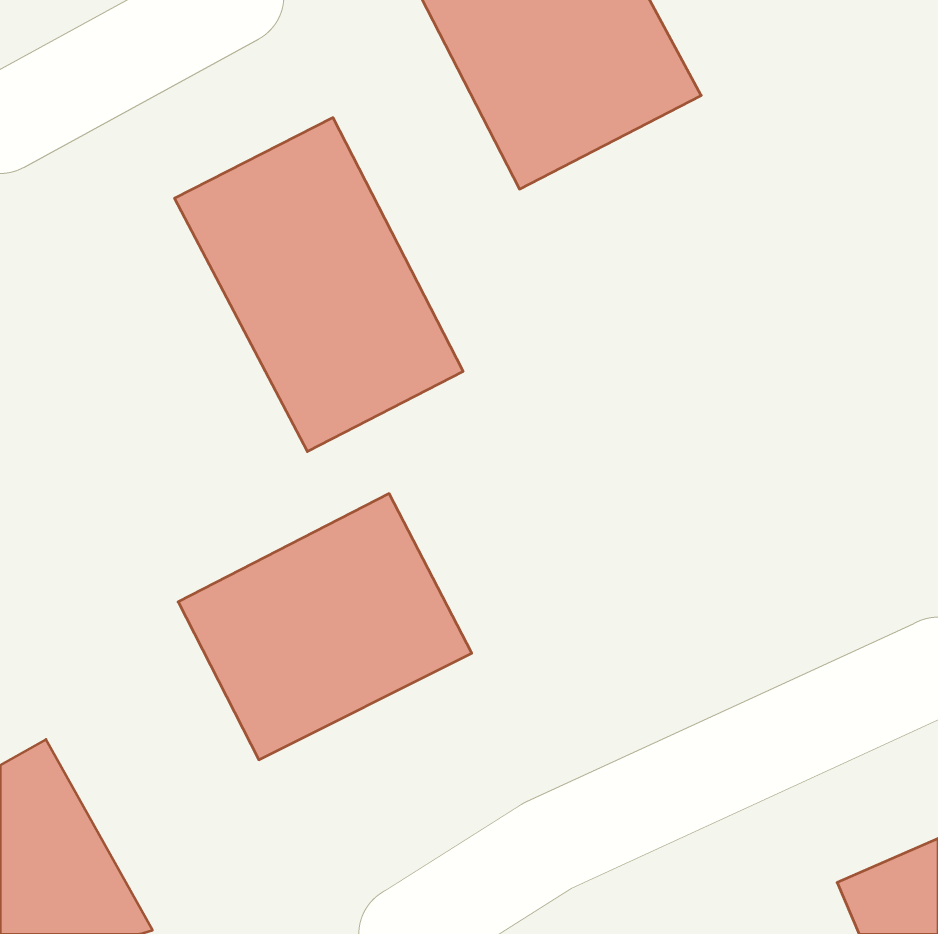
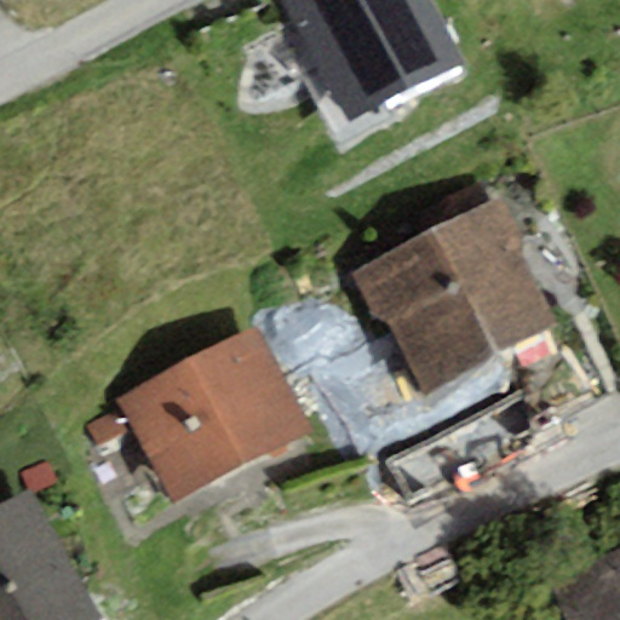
building: [175,118,463,452] -> none
building: none -> [350,197,556,389]

